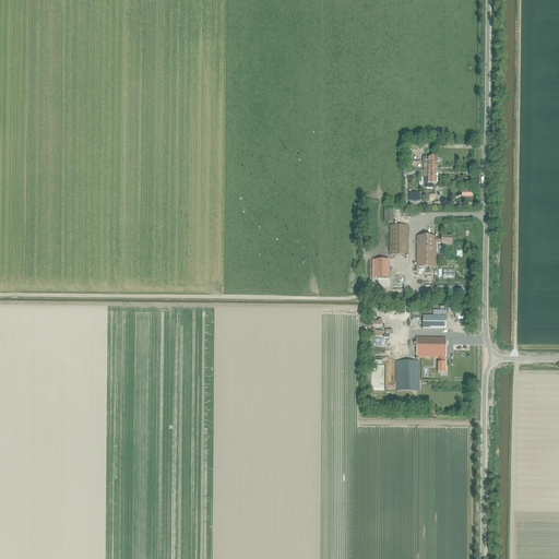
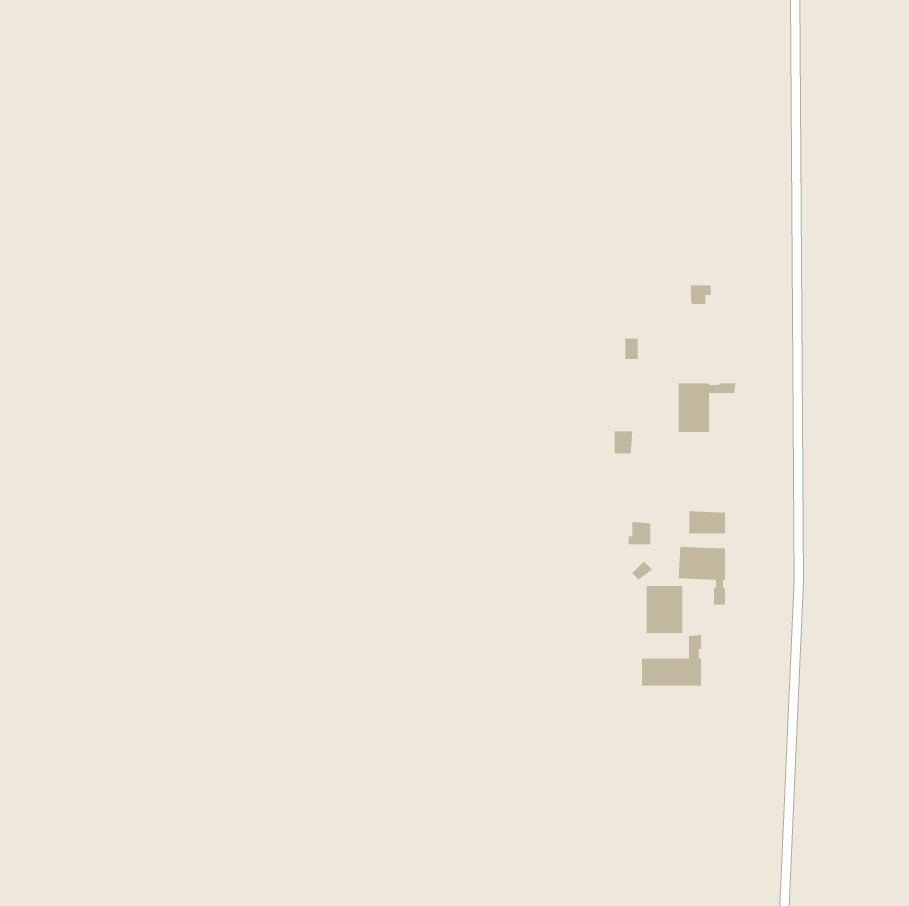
building: [390,224,407,253] -> none
building: none -> [641,634,701,687]

